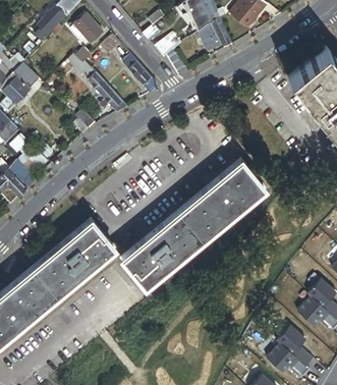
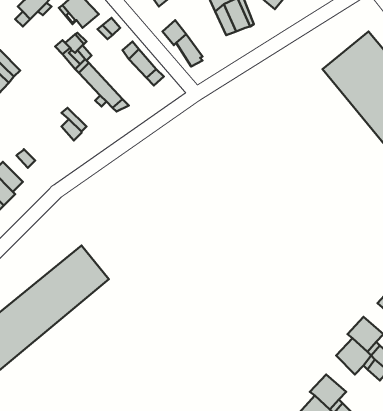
building: [120,160,263,286] -> none

